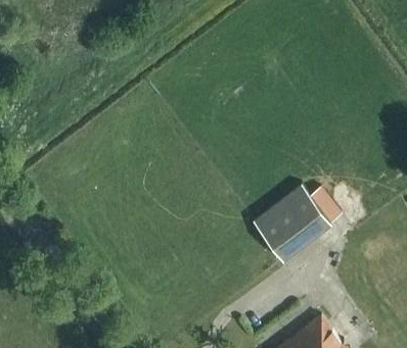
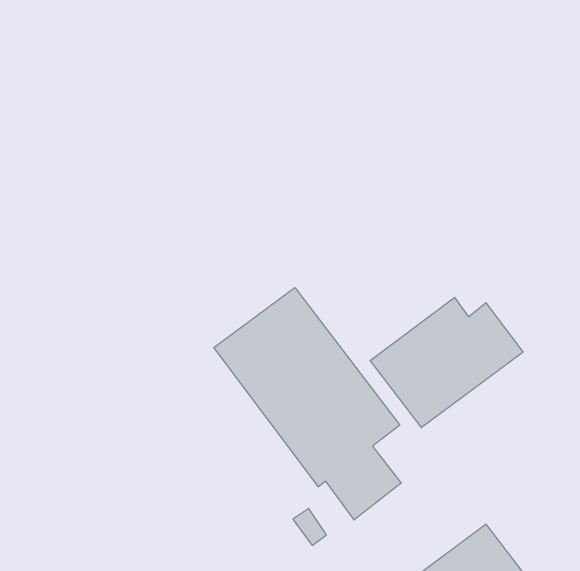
building: none -> [214,288,401,520]

